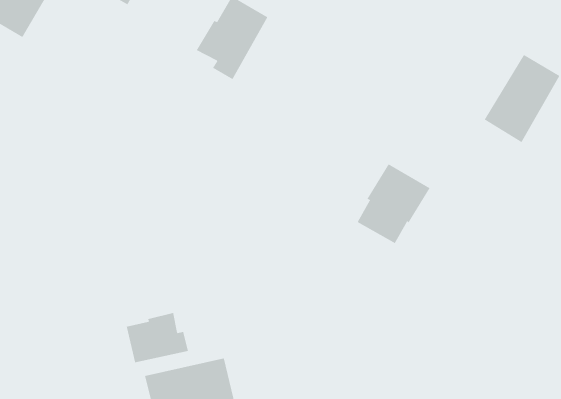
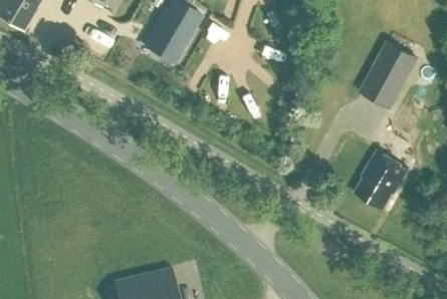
building: [357,163,431,244] -> [355,148,409,208]
building: [126,312,188,363] -> none

